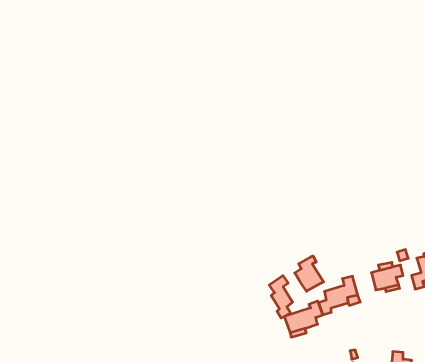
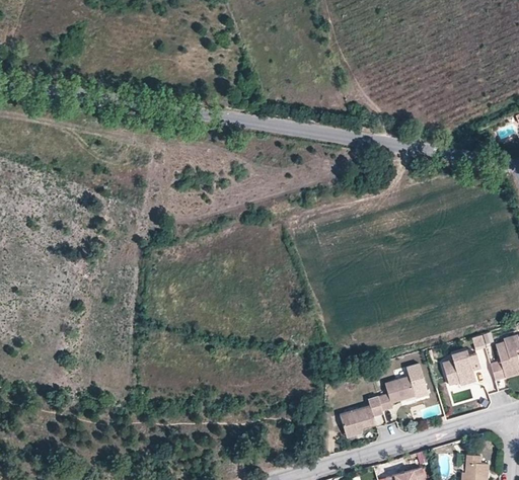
building: [295,256,324,291] -> none
building: [269,276,293,318] -> none

